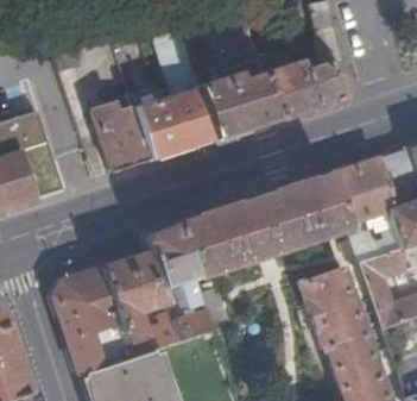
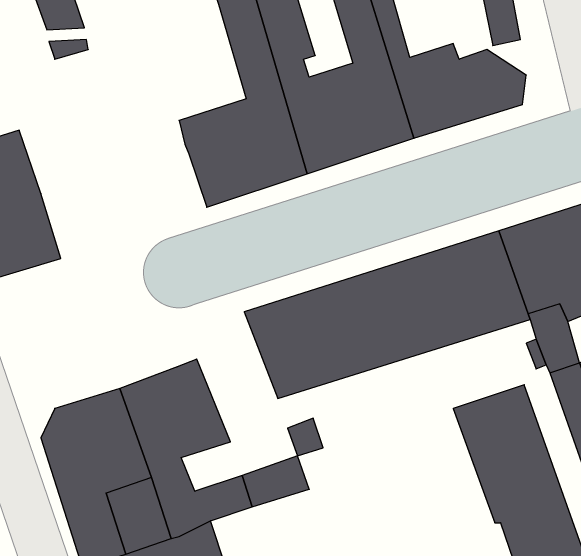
building: [93,59,141,176] -> none
building: [143,224,200,309] -> none

